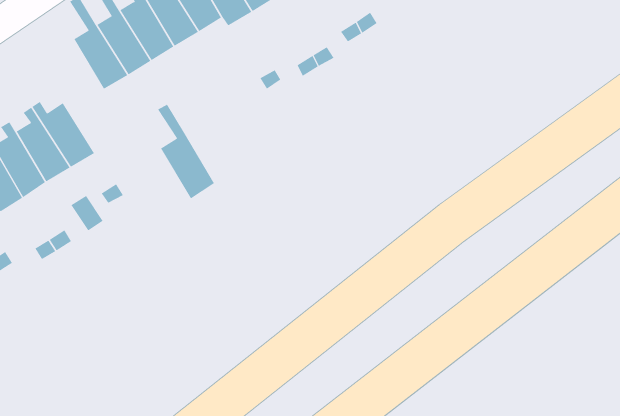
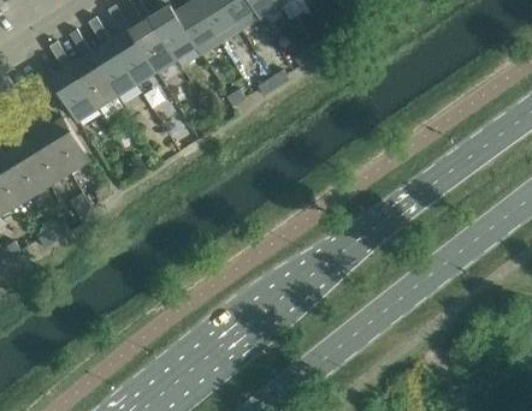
building: [157,104,215,199] -> [48,41,96,120]

